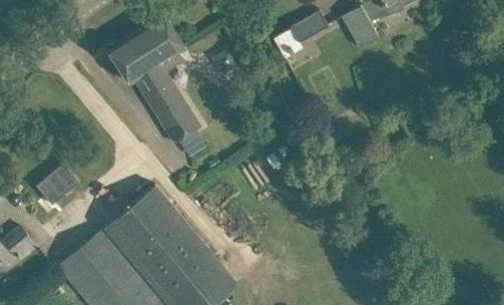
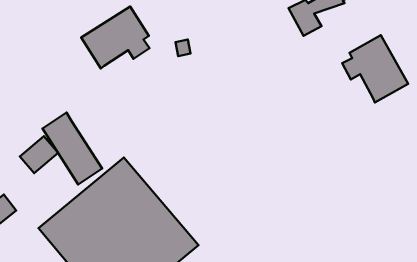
building: [274,12,327,58] -> none
building: none -> [342,35,408,102]
building: [133,64,200,145] -> [42,112,102,184]

